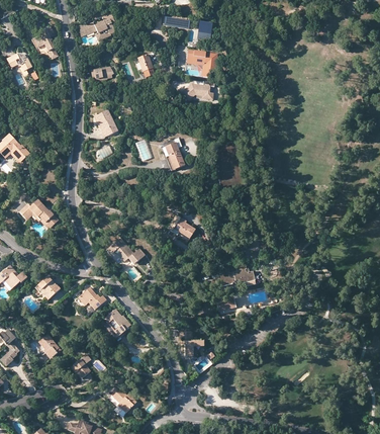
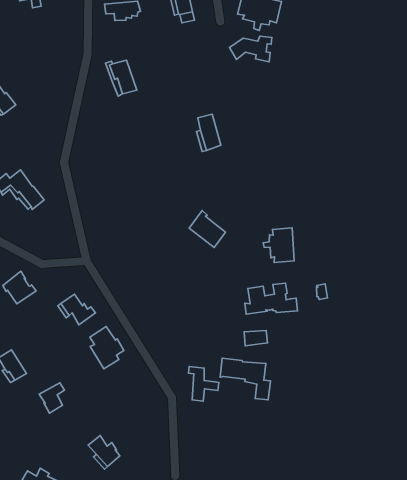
building: none -> [263,228,294,263]
building: [108,237,145,264] -> none
building: none -> [220,358,270,400]

